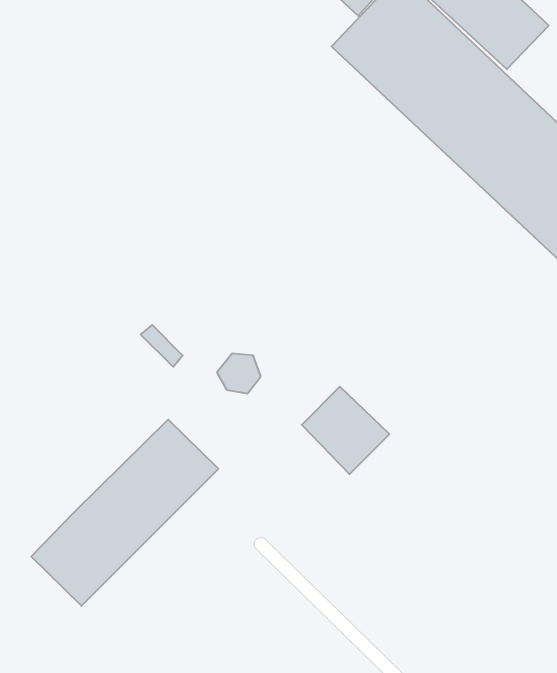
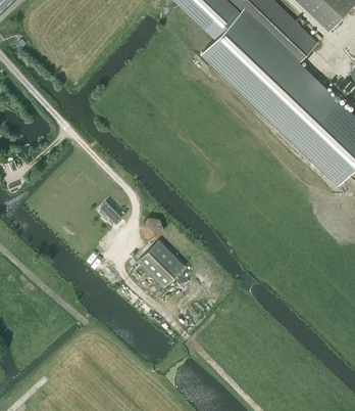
building: [302,387,389,474] -> [138,241,185,288]
building: [31,419,218,606] -> none

